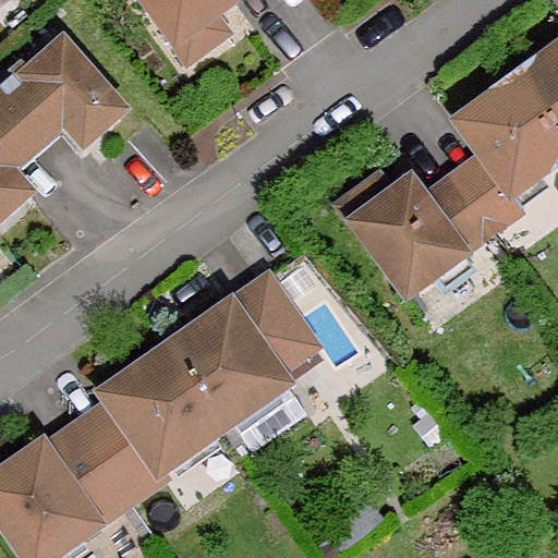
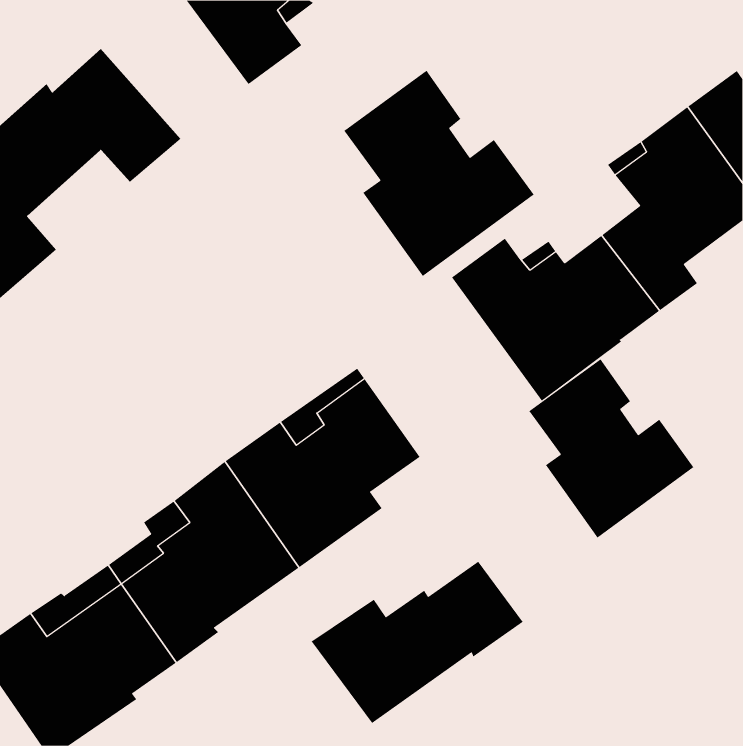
building: none -> [344,70,534,277]
building: none -> [529,358,694,538]
building: none -> [311,561,524,724]

